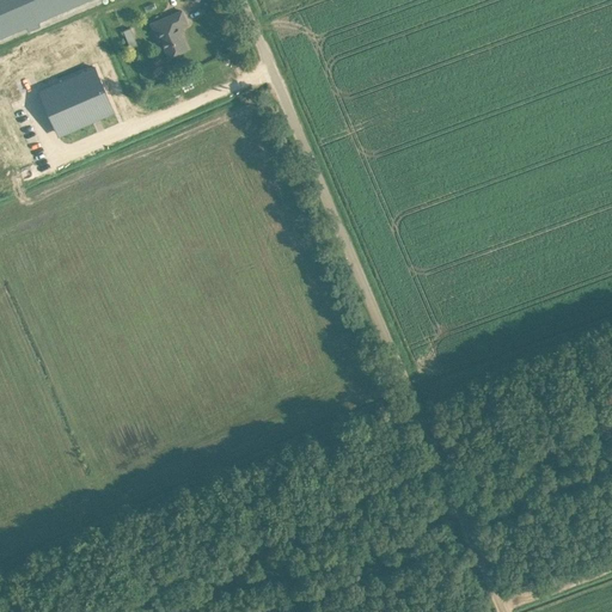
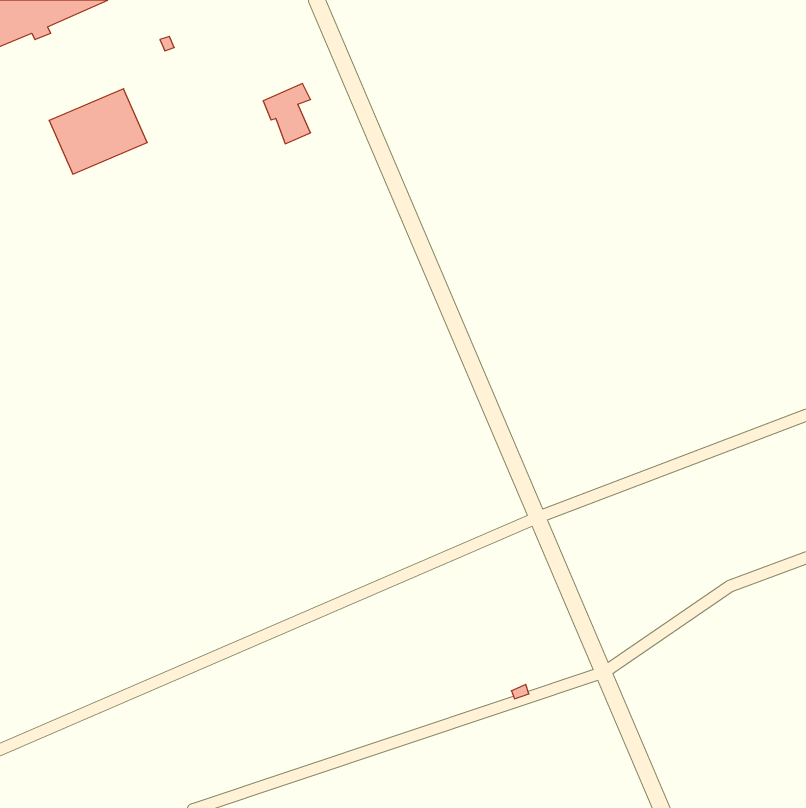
building: [149,12,185,57] -> [263,84,311,144]

